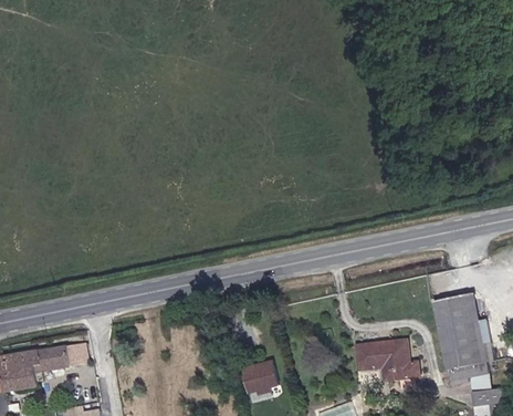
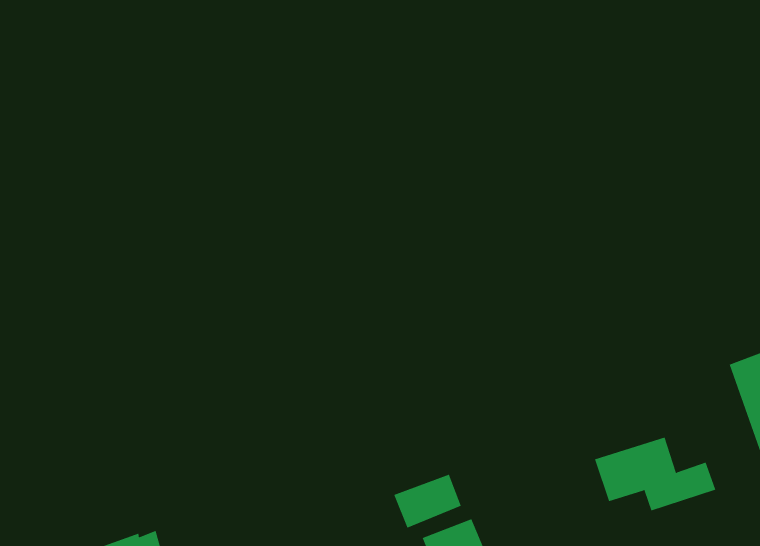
building: none -> [394,474,462,529]

